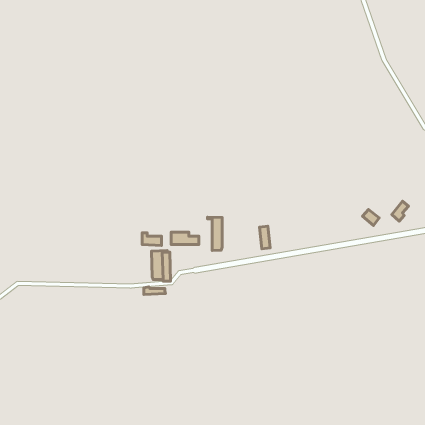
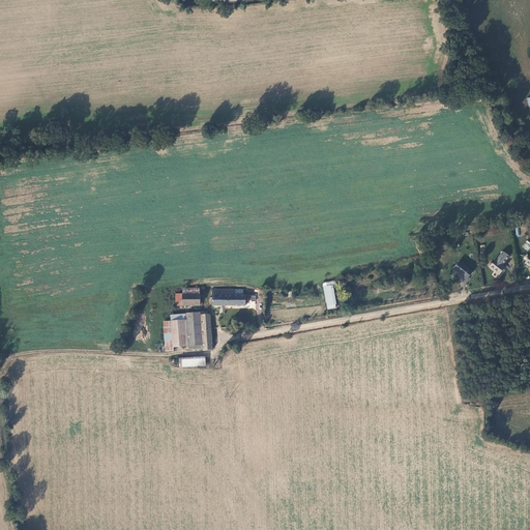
building: [208,217,222,251] -> none
building: none -> [165,313,189,350]

